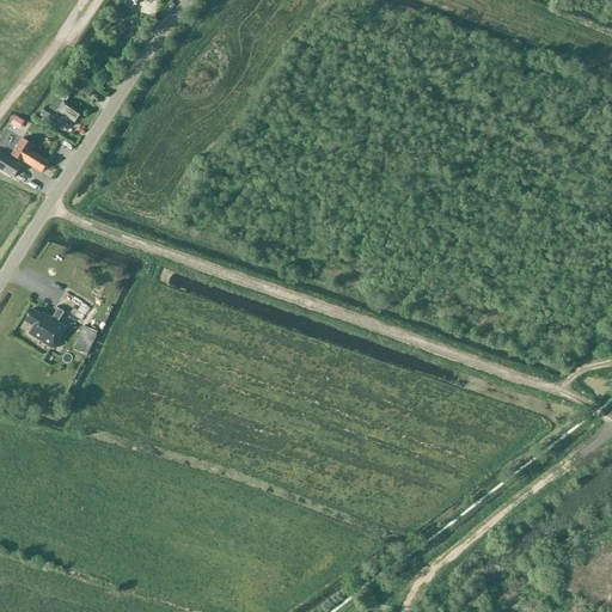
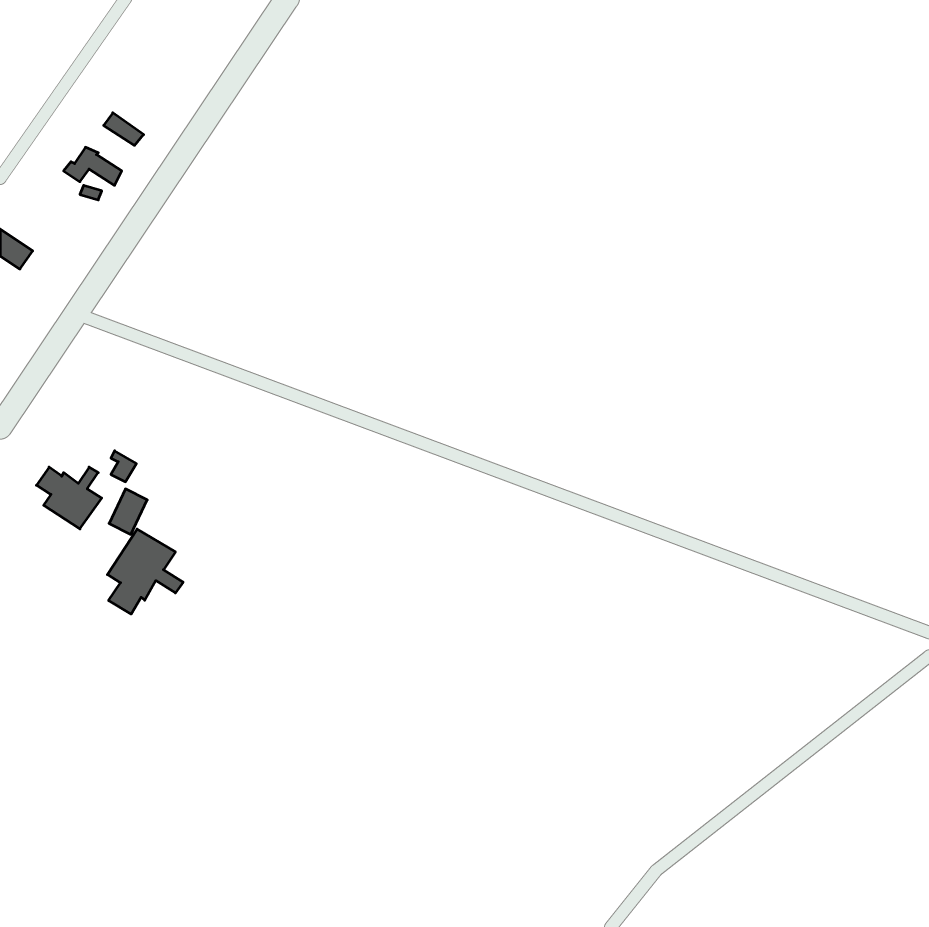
building: [11,136,49,172] -> none
building: none -> [107,529,183,614]

